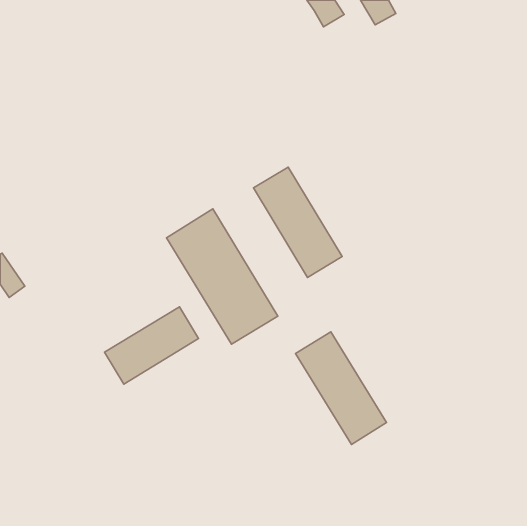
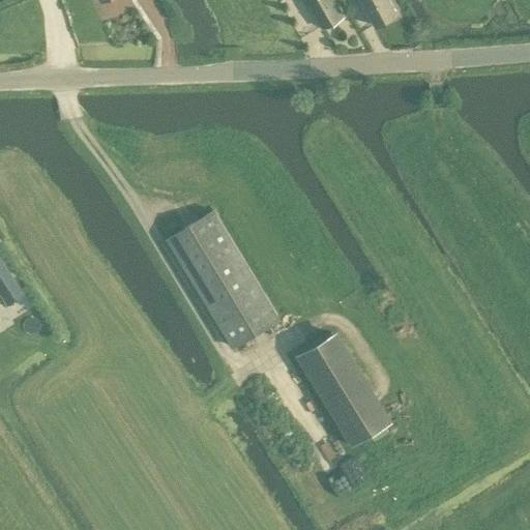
building: [253,167,342,277] -> none
building: [105,307,199,384] -> none

